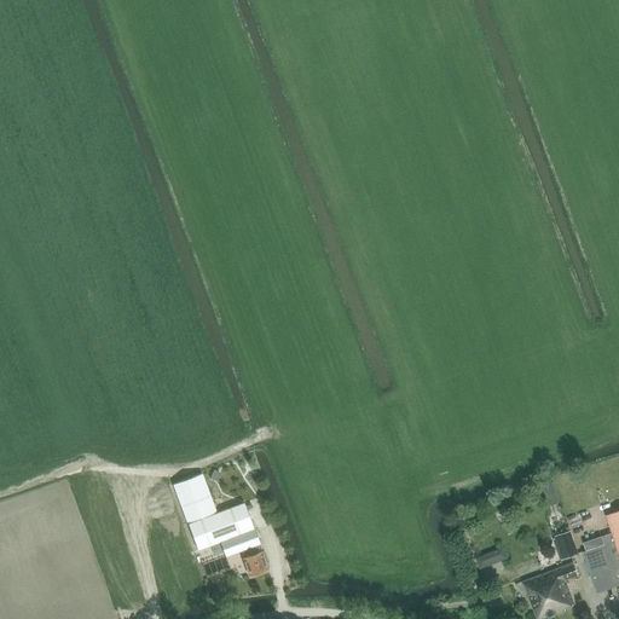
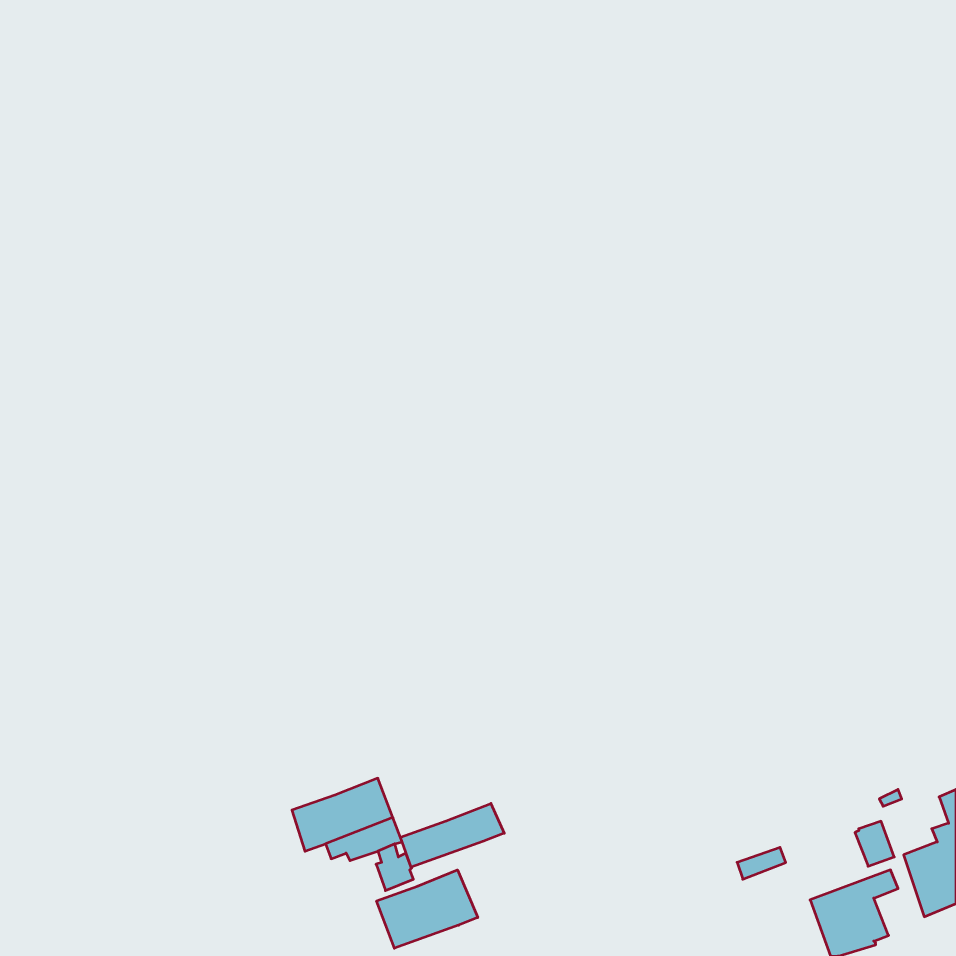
building: [173,474,216,523] -> none
building: none -> [401,803,504,867]
building: none -> [377,870,478,948]

